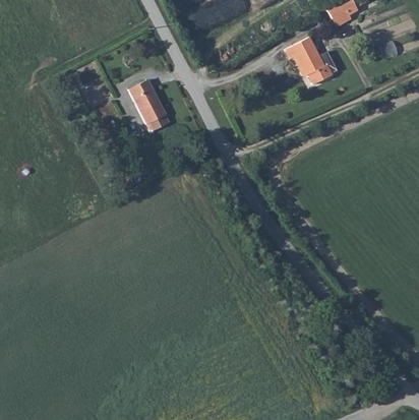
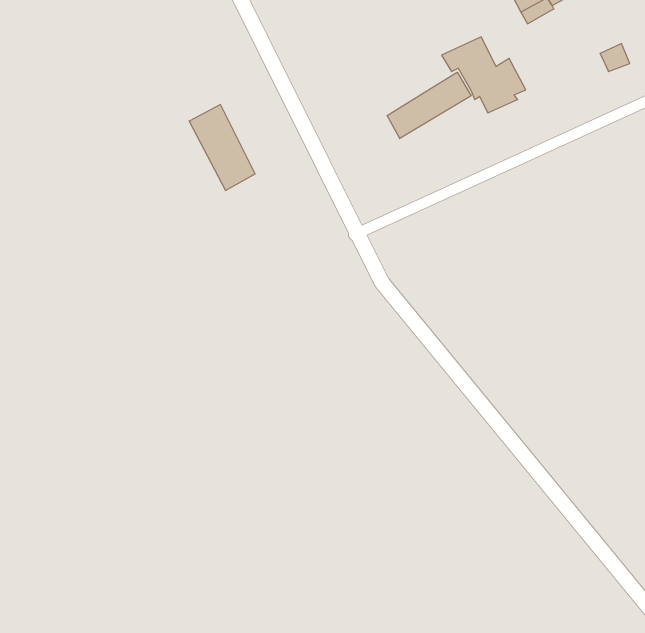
building: none -> [387,72,471,139]

